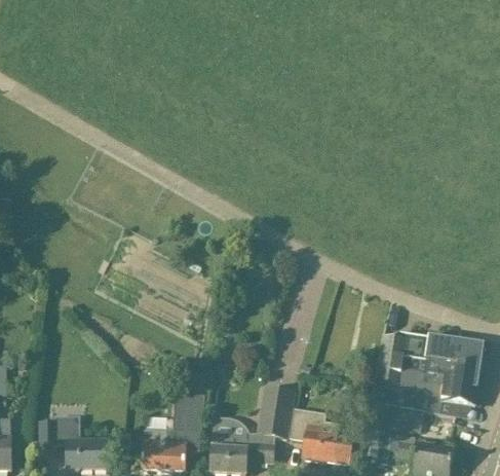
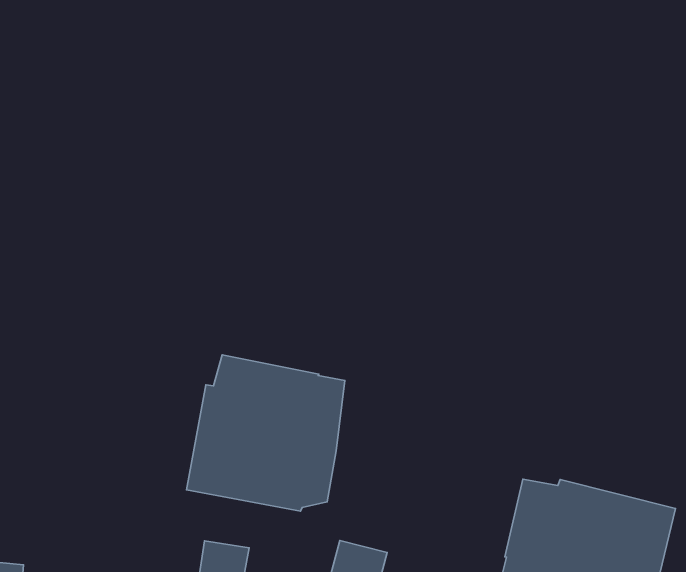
building: none -> [187,355,345,511]

